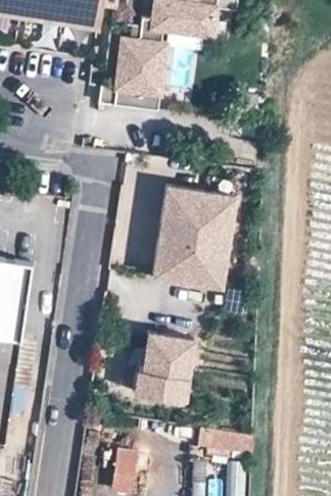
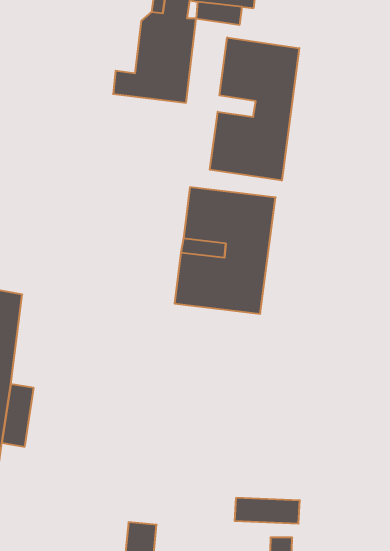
building: none -> [210,37,299,181]
building: [129,329,188,396] -> none

